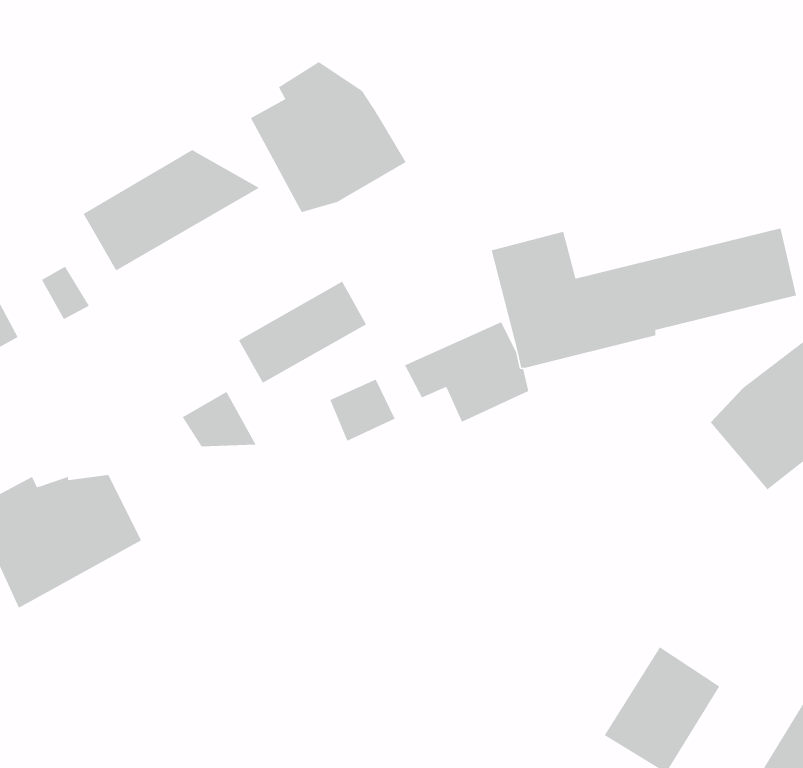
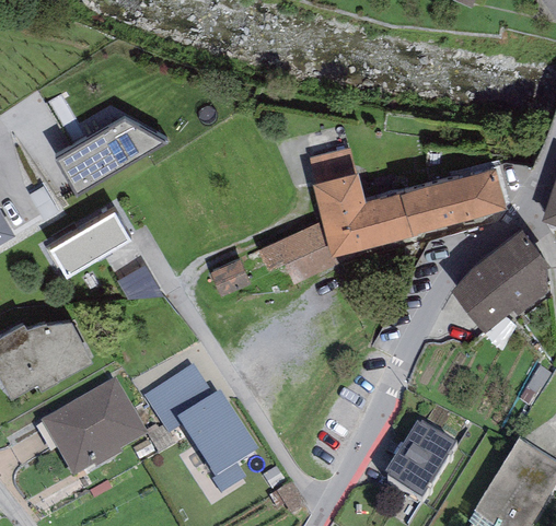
building: [250,61,407,213] -> none
building: [238,281,367,383] -> [50,207,131,271]
building: none -> [143,370,256,496]
building: none -> [40,382,148,481]

